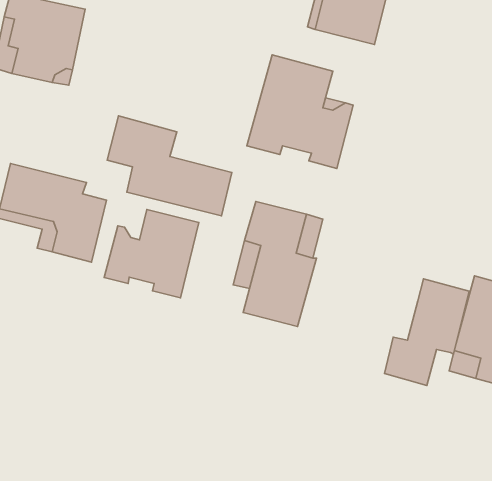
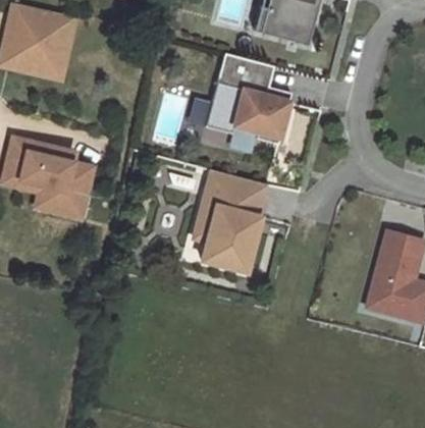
building: [107,116,232,216] -> none
building: [104,210,199,298] -> none
building: [384,279,469,385] -> none

